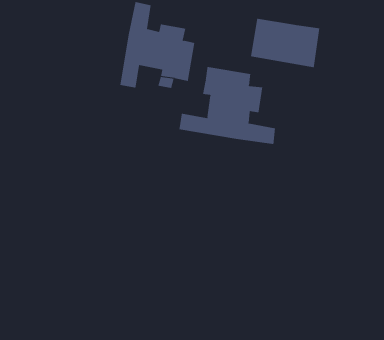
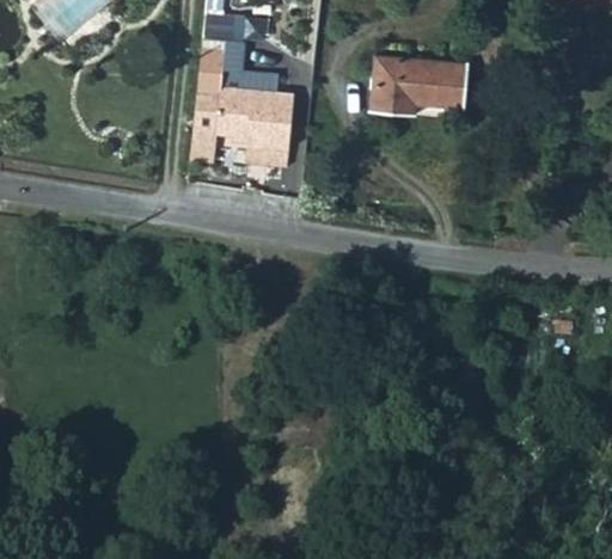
building: [179,66,276,145] -> none

